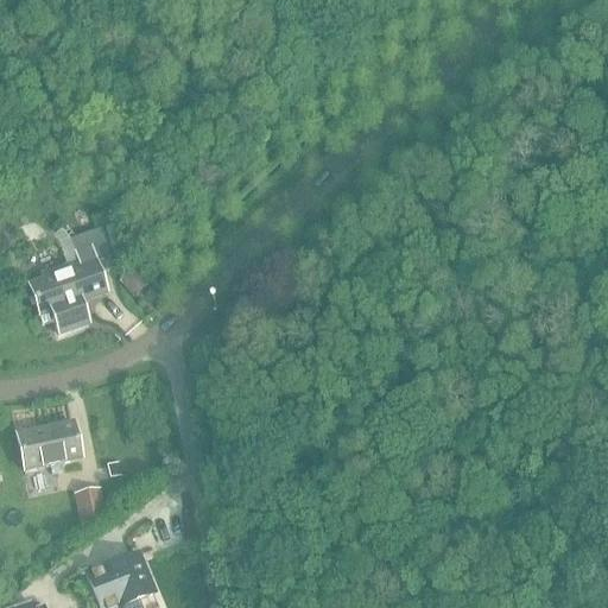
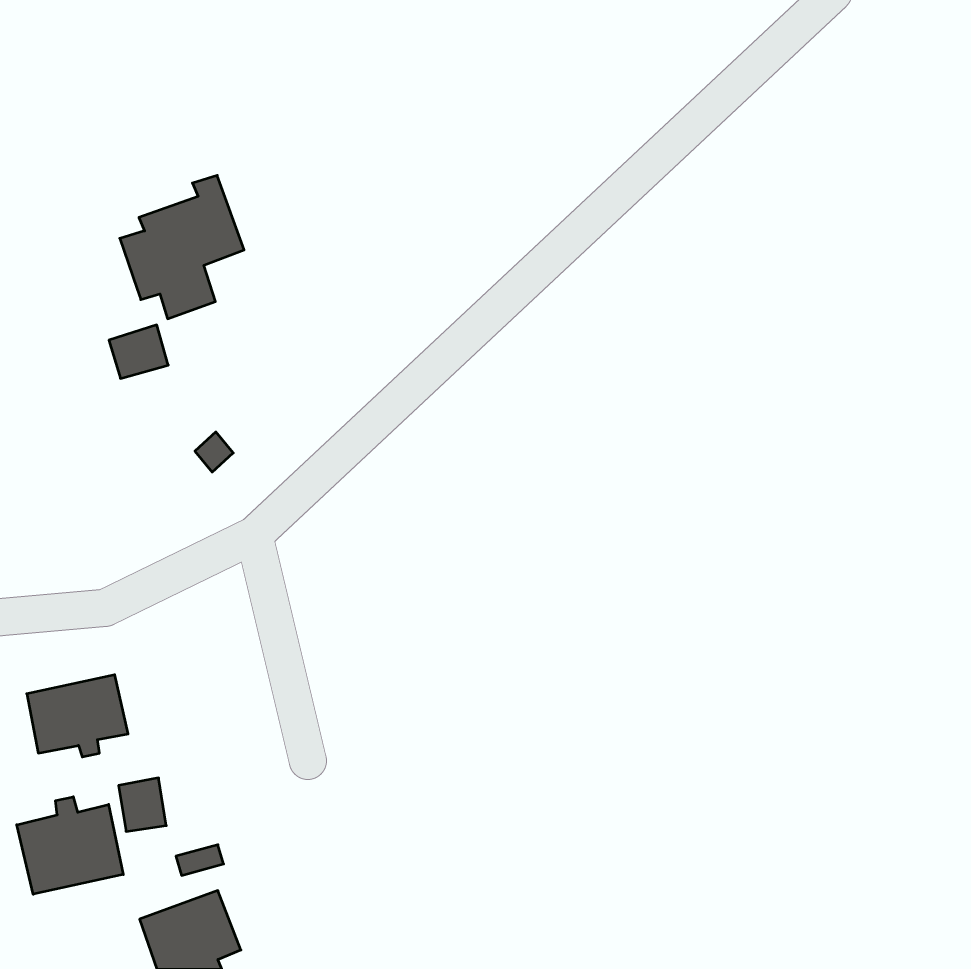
building: [31,243,108,332] -> [120,175,244,319]
building: none -> [17,797,123,894]

